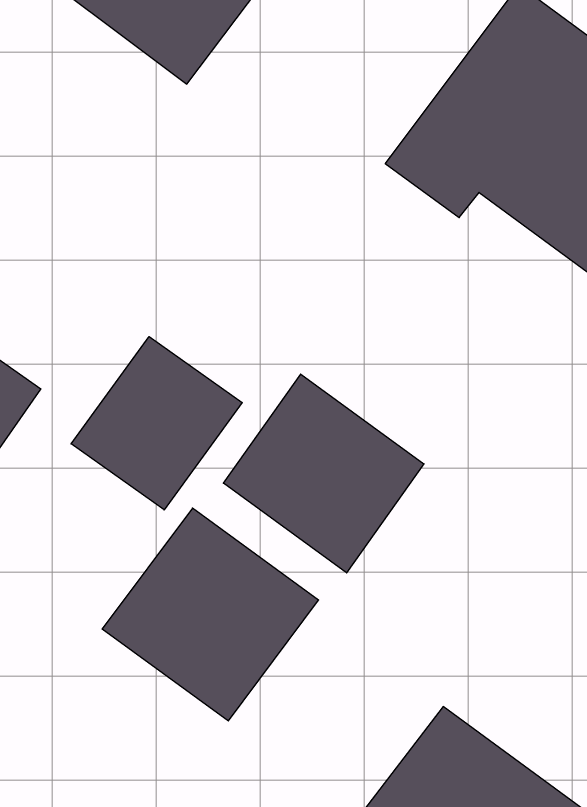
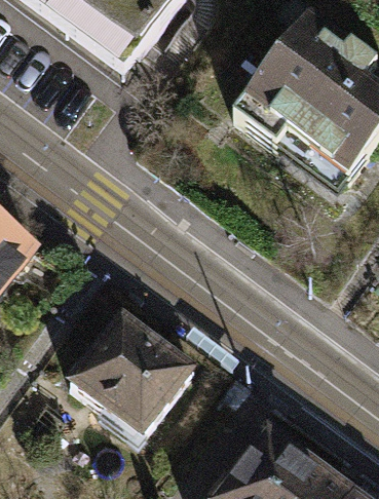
building: [71,337,242,510] -> none
building: [223,374,424,573] -> none

